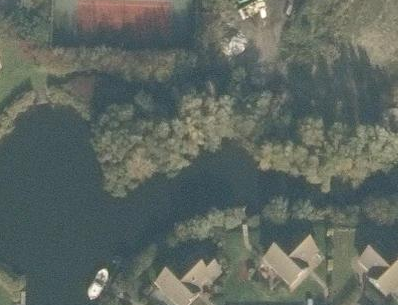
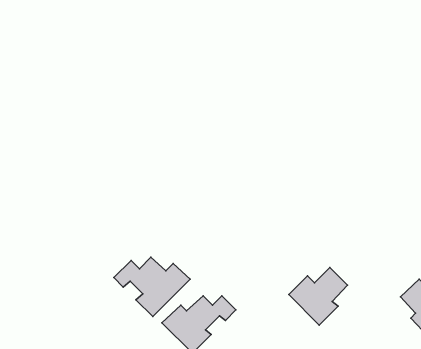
building: none -> [114,257,190,317]

